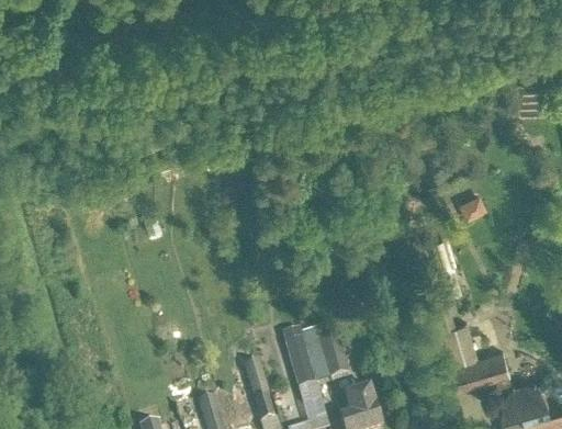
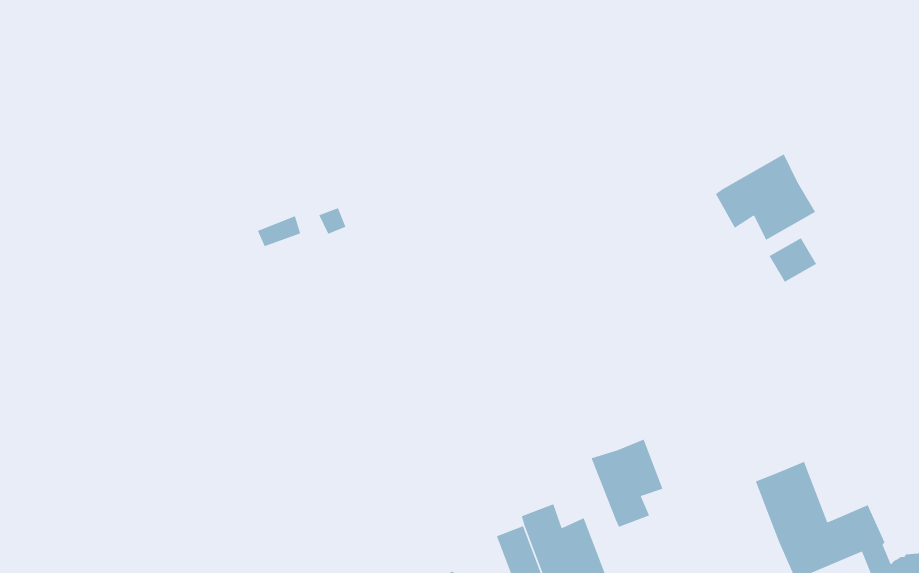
building: none -> [715,153,816,241]
building: none -> [591,439,664,528]

